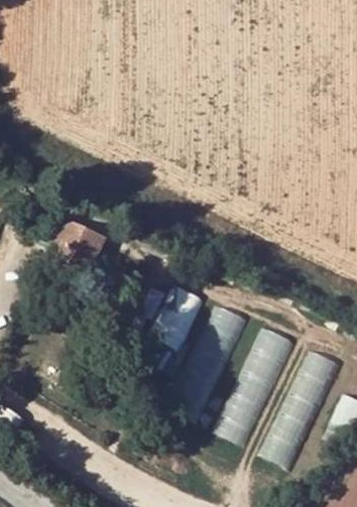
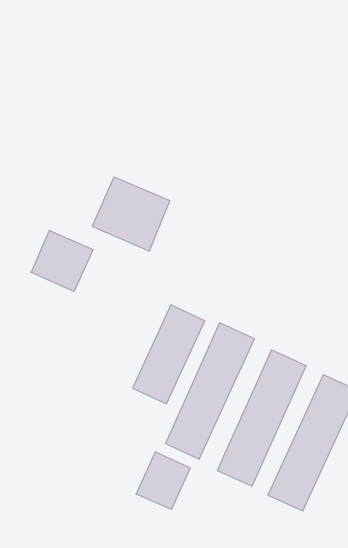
building: none -> [92,177,170,251]
building: none -> [136,452,190,509]

